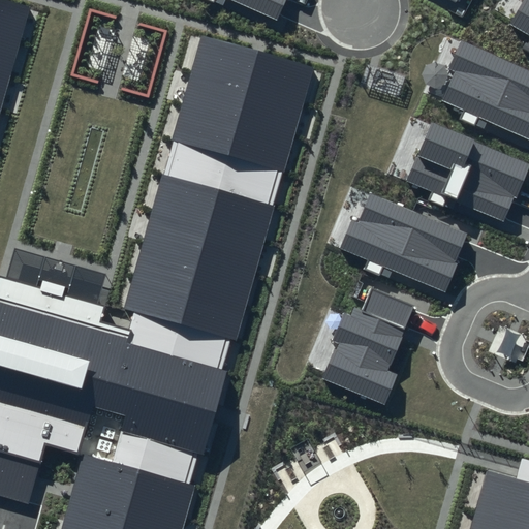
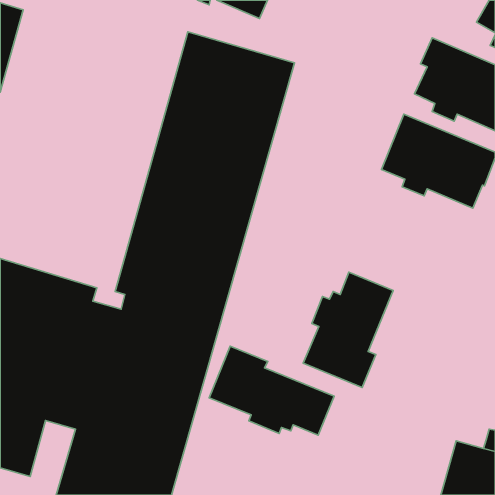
building: [340,193,467,292] -> none
building: none -> [209,346,334,435]

